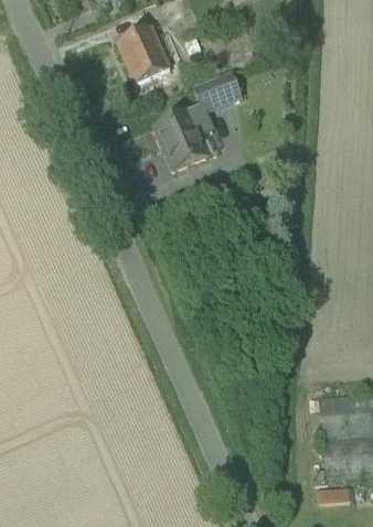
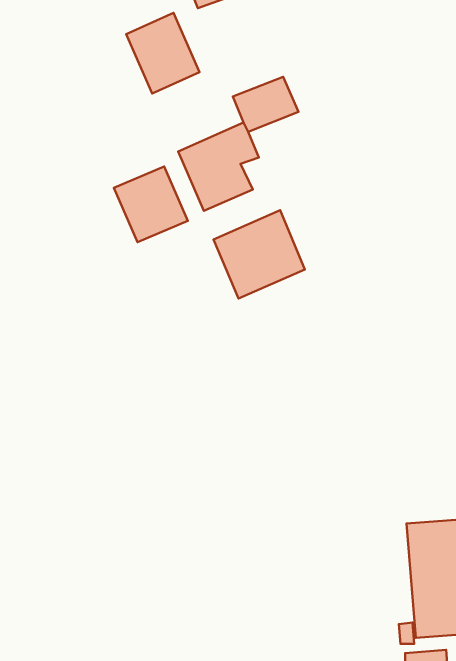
building: none -> [114,166,188,242]
building: none -> [214,210,305,298]

